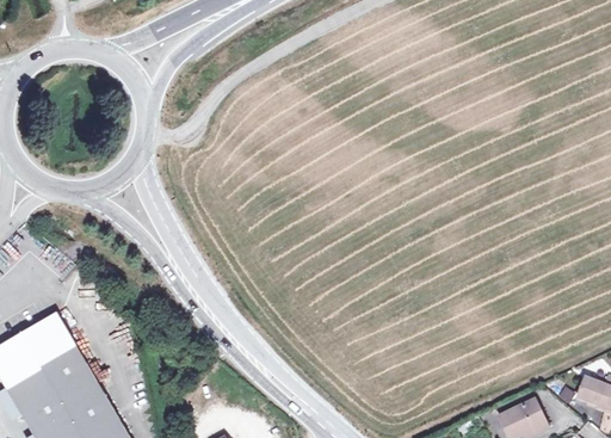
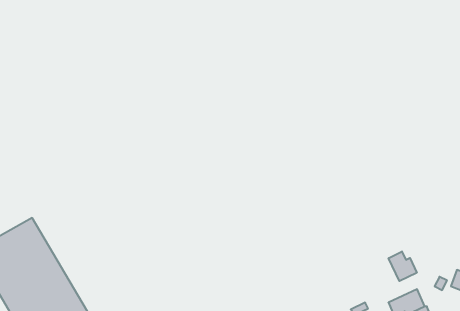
building: none -> [389,251,417,281]

